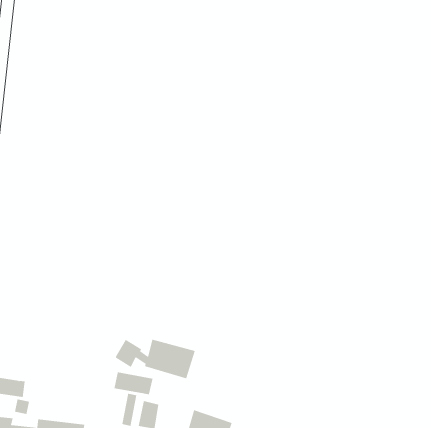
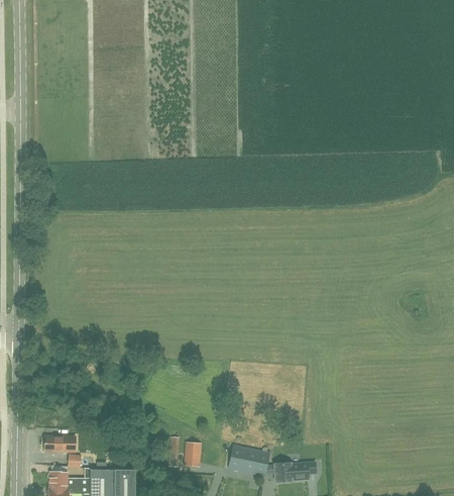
building: [115,339,196,379] -> none
building: [114,371,153,395] -> none

